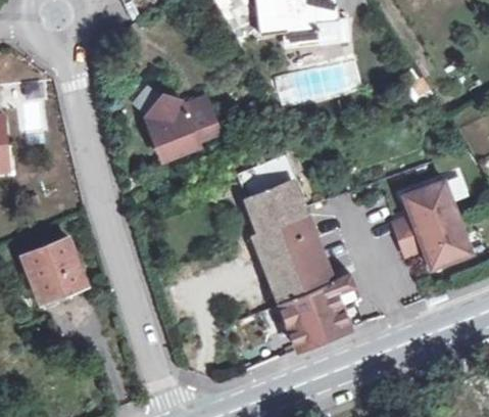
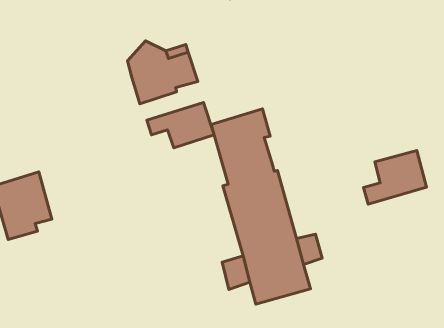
building: none -> [147,103,214,148]
building: [400,217,472,270] -> none

